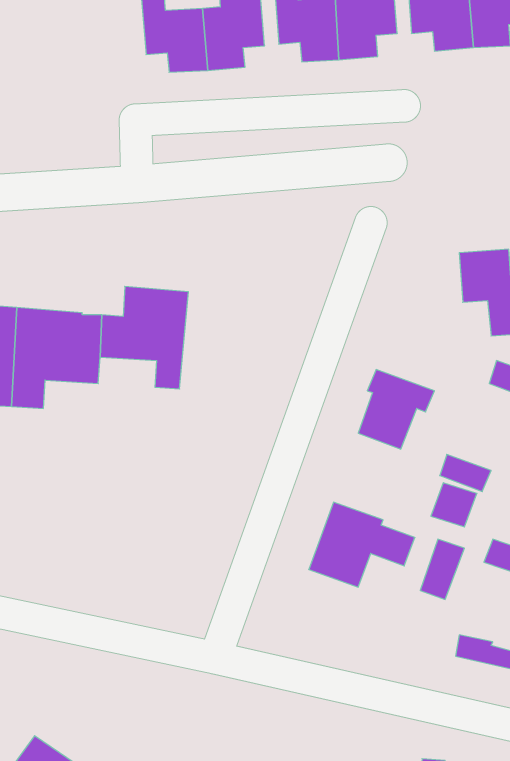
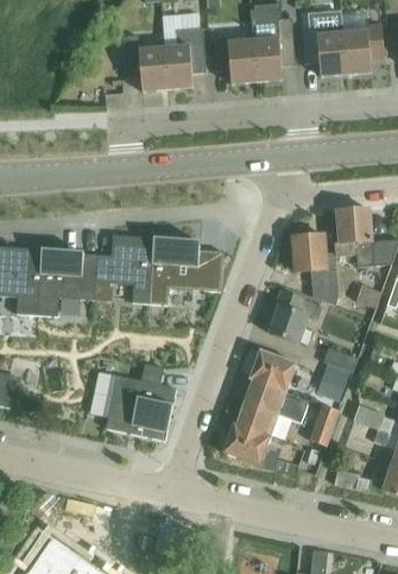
building: none -> [292,234,337,304]
building: none -> [149,238,223,304]
building: none -> [247,348,296,391]
building: none -> [105,362,176,440]
building: none -> [221,422,269,466]

